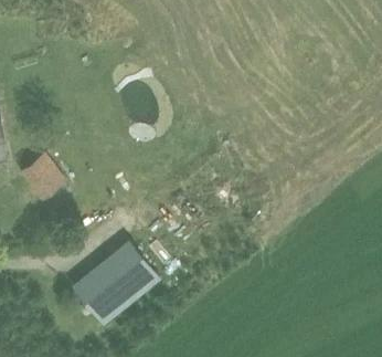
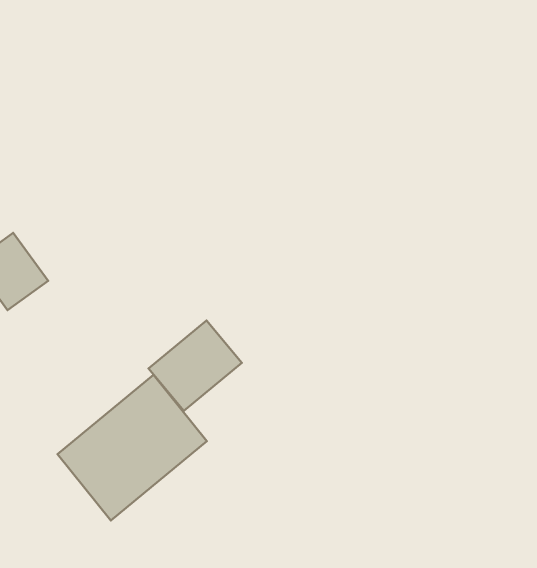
building: none -> [149,321,242,411]

